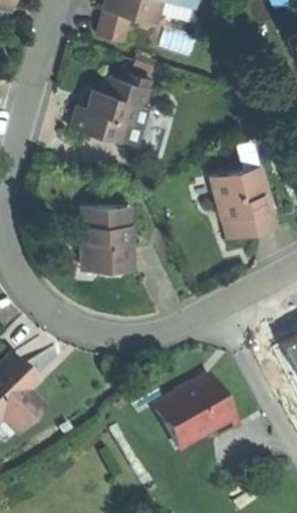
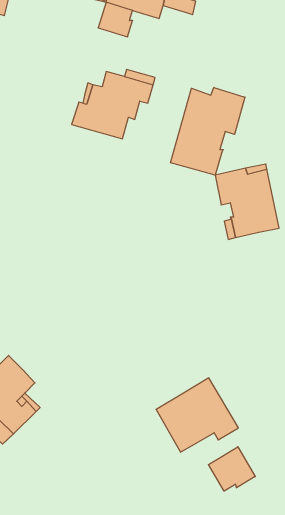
building: none -> [171,87,245,175]
building: [81,204,131,267] -> none
building: none -> [208,447,255,491]

